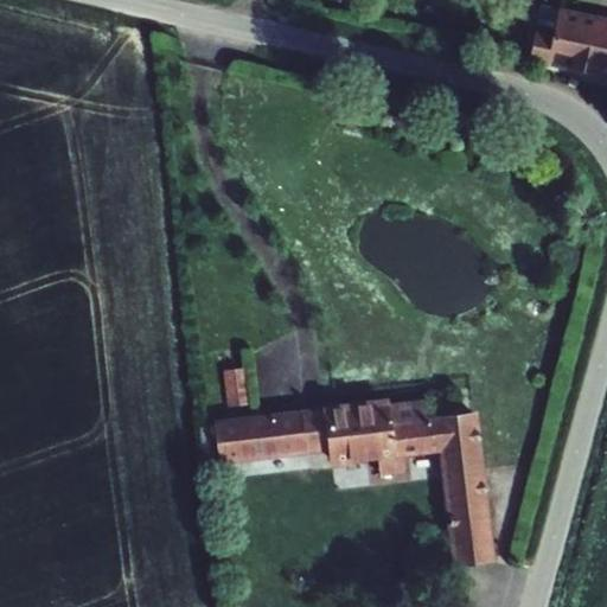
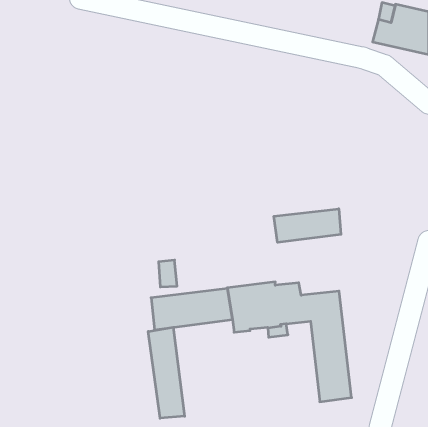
building: none -> [274,209,341,242]
building: none -> [148,327,185,418]

